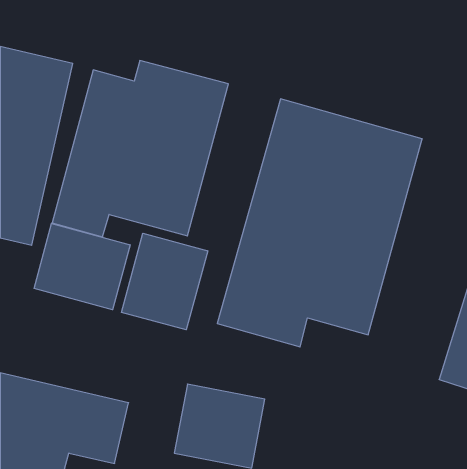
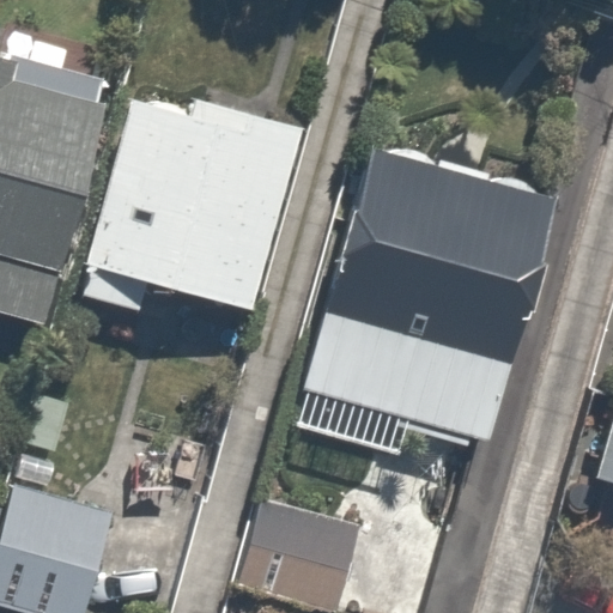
building: [34,223,130,310] -> none
building: [121,233,208,330] -> none

